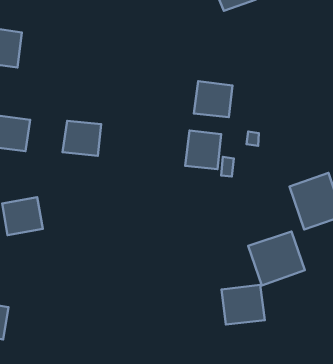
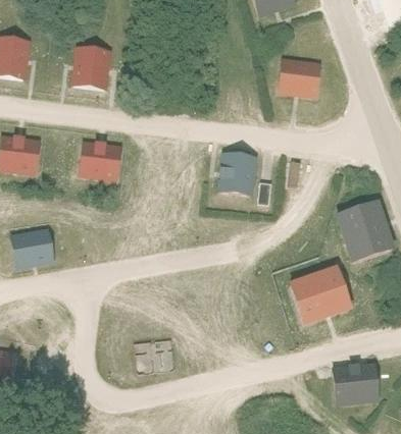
building: none -> [71,45,112,89]
building: [194,81,233,117] -> [277,56,320,97]
building: [221,285,265,325] -> [331,361,380,405]

